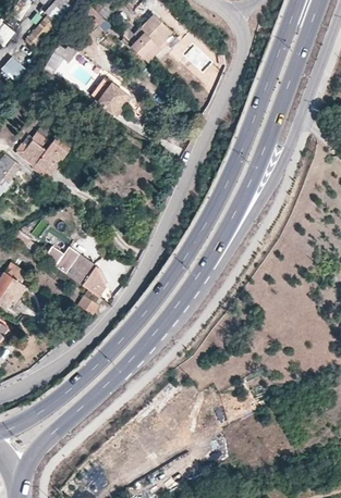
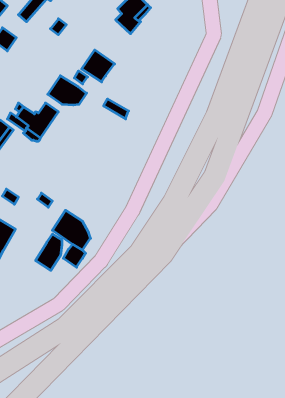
building: none -> [48,76,87,105]
building: none -> [36,234,62,270]

